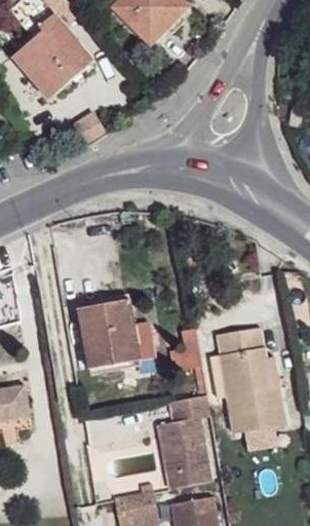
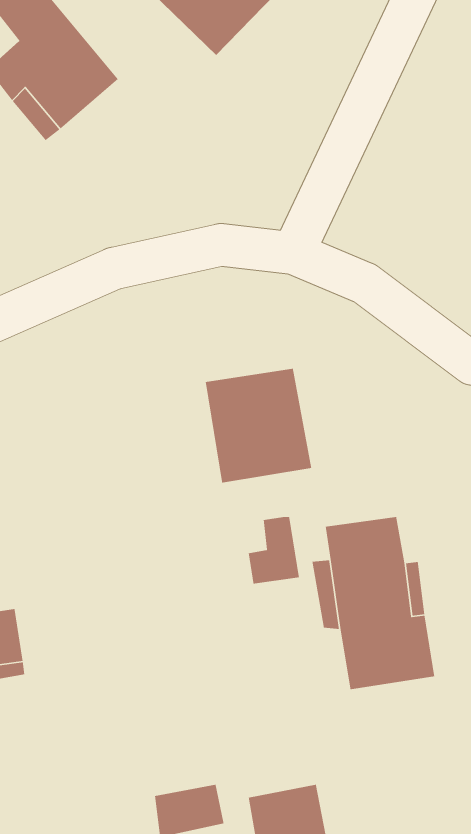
building: [75,298,141,369] -> [205,368,312,483]
building: [157,392,210,485] -> none

